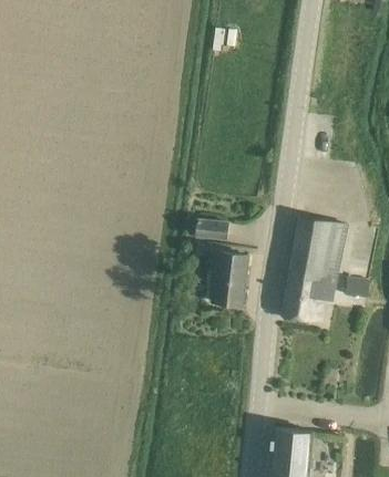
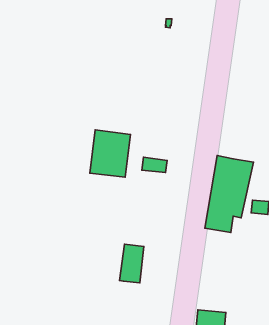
building: none -> [90,130,130,177]
building: [214,252,247,305] -> [120,244,144,283]

